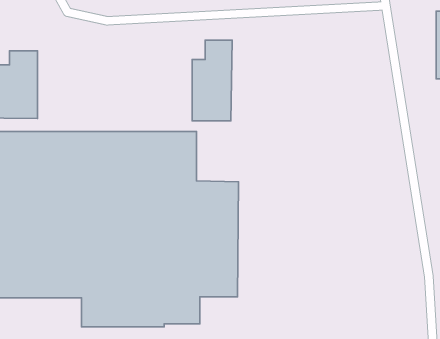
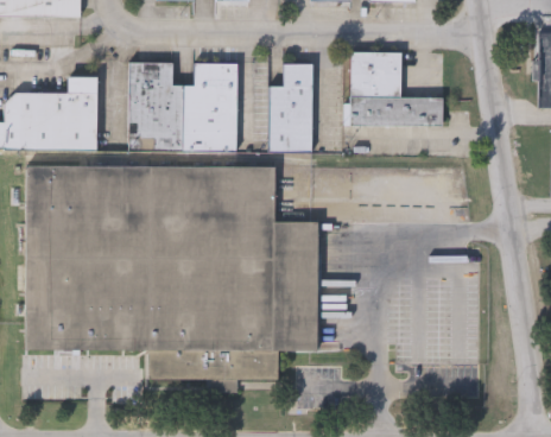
building: none -> [350,52,443,126]
building: none -> [127,63,238,153]

